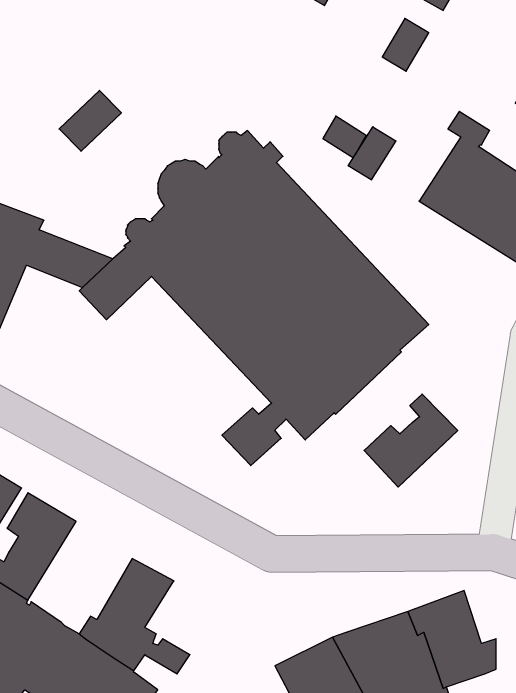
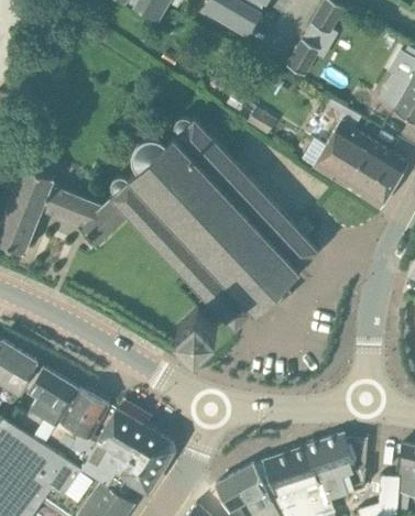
building: [59,90,121,151] -> none
building: [348,127,396,180] -> none
building: [364,394,458,487] -> none
building: none -> [46,388,116,463]
building: none -> [124,427,174,477]

